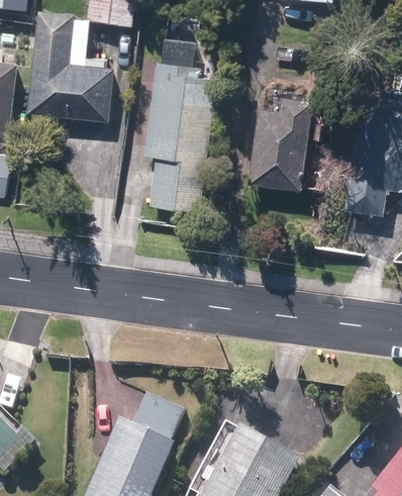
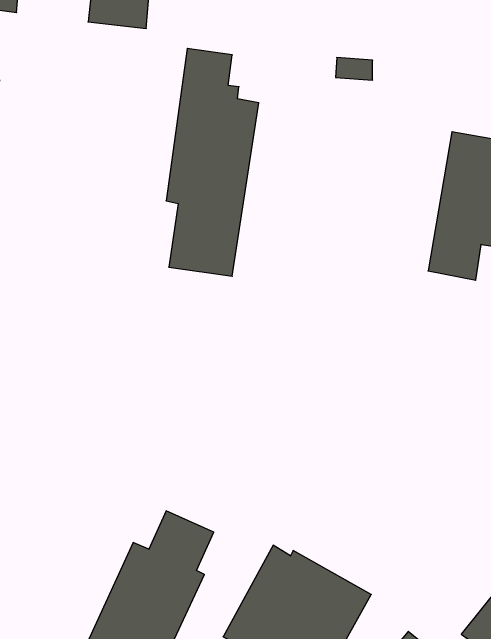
building: [28,13,106,119] -> none
building: [247,98,313,191] -> none

